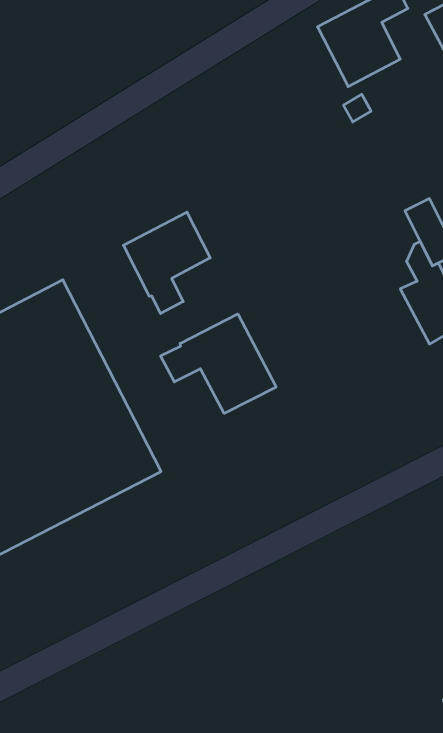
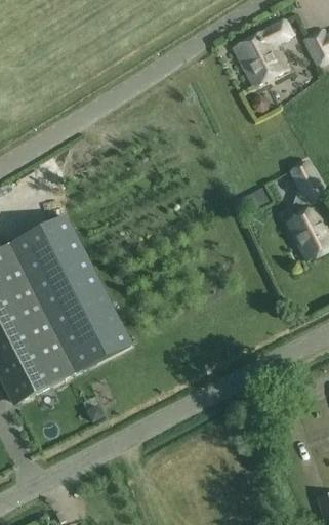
building: [123,212,210,314] -> none
building: [161,314,276,413] -> none

